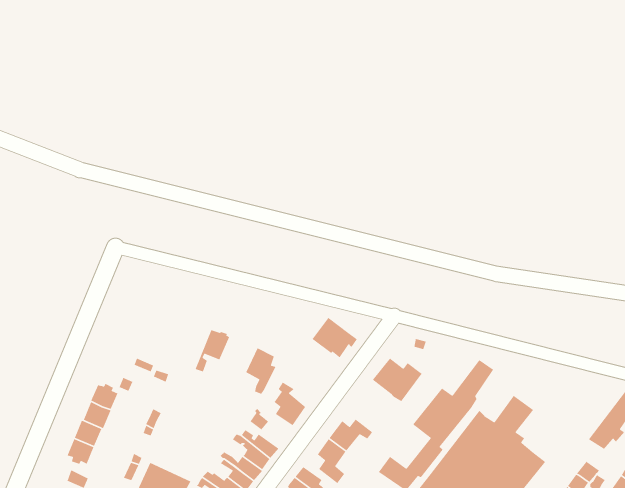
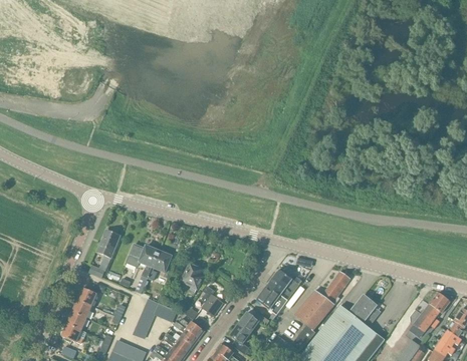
building: none -> [88,230,119,277]
building: [312,317,358,358] -> [256,285,287,313]
building: none -> [127,243,159,292]
building: none -> [134,299,177,338]

